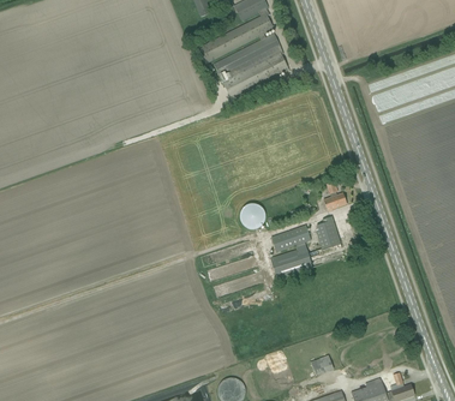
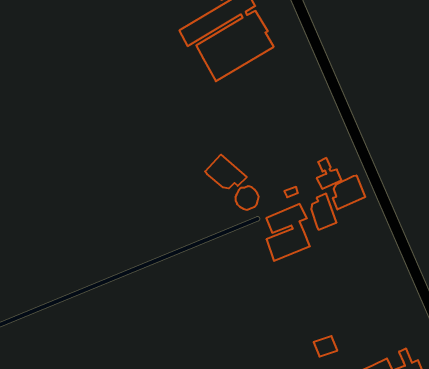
building: none -> [205,155,247,188]
building: none -> [333,175,365,210]

